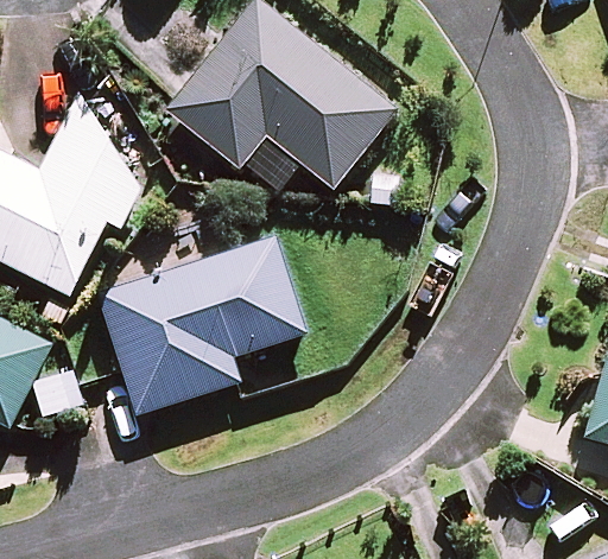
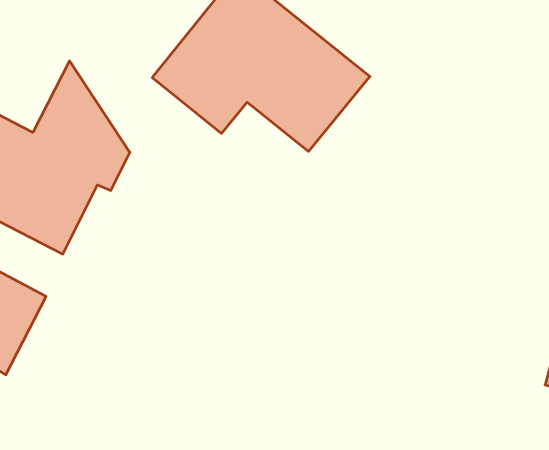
building: [97,234,308,414] -> none

